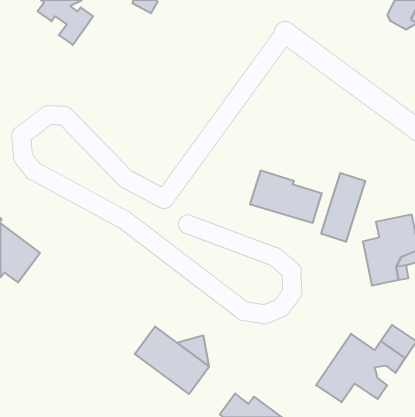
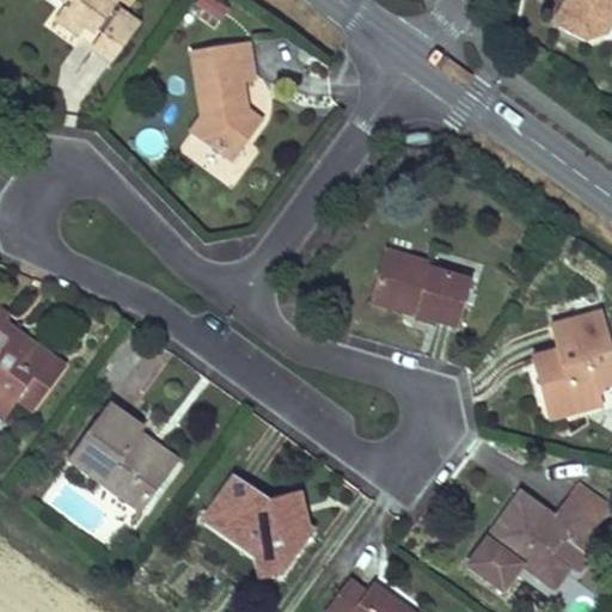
building: none -> [191,43,263,161]
building: [321,173,365,242] -> none
building: none -> [65,408,179,515]

